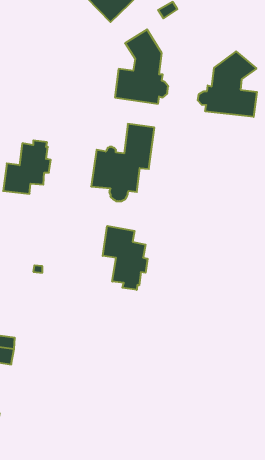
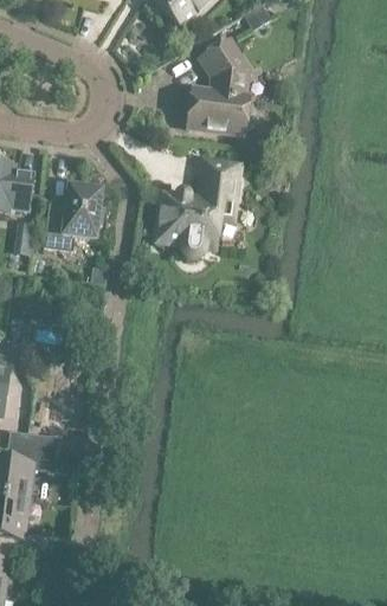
building: [198,51,257,117] -> none
building: [103,226,148,290] -> none

